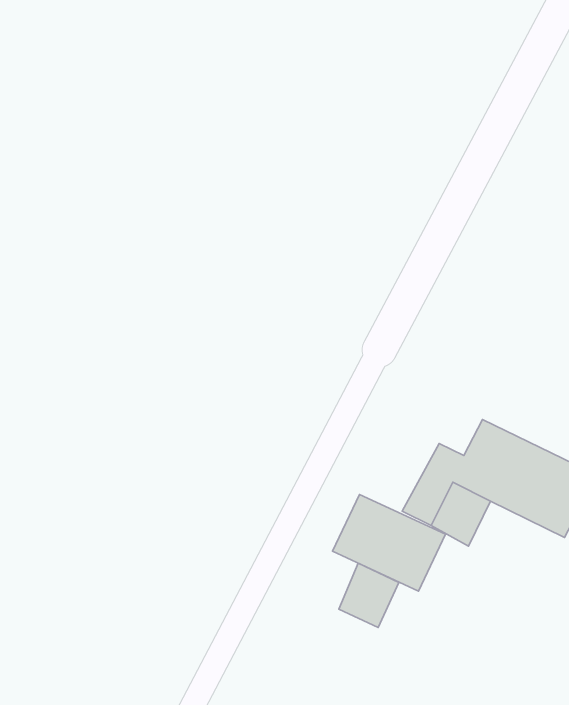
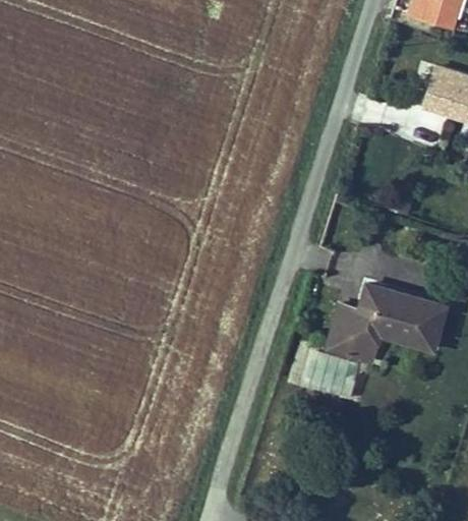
building: [339,563,399,627] -> none

